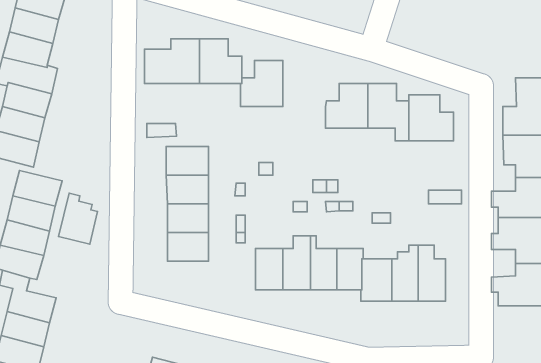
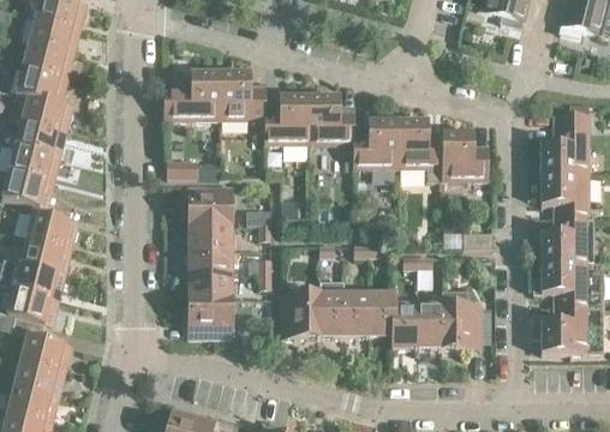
building: none -> [310,96,355,144]
building: [59,193,98,244] -> none
building: none -> [187,306,232,337]

